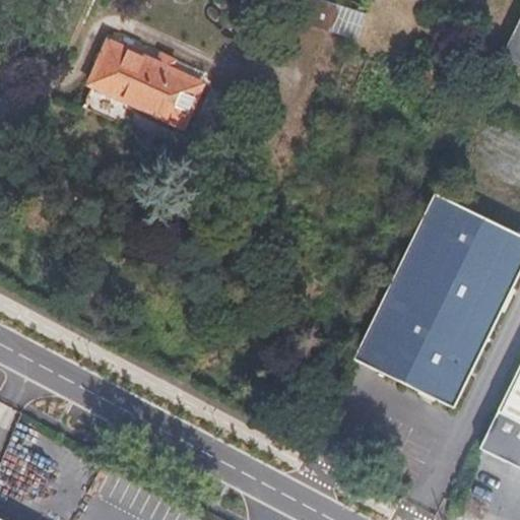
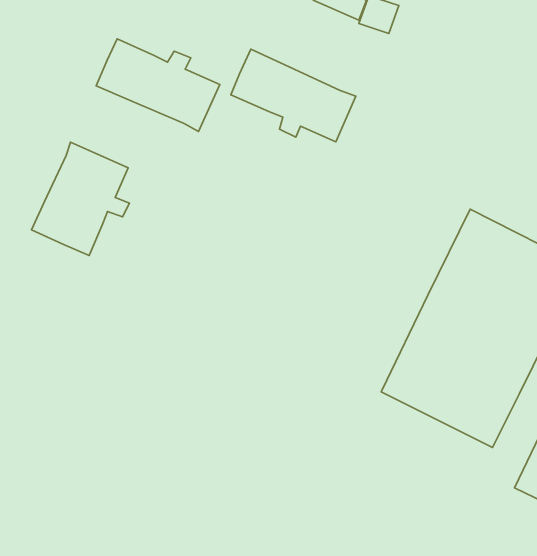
building: none -> [231,49,356,142]
building: none -> [31,142,129,255]

